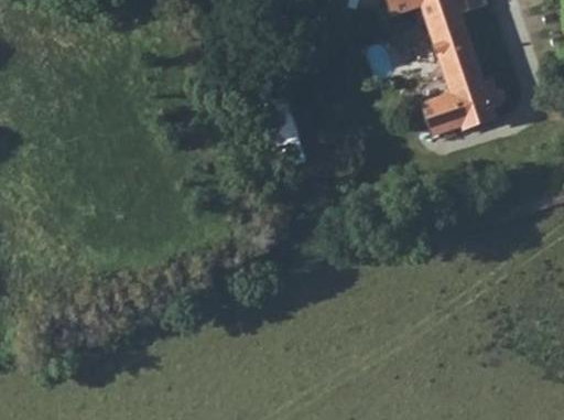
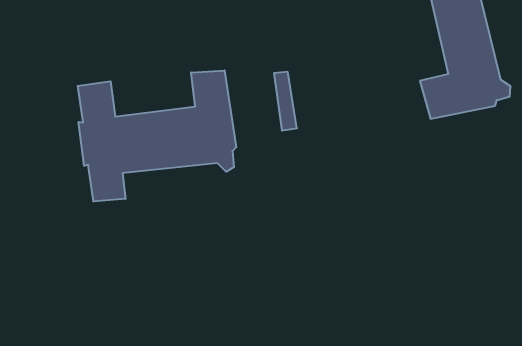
building: none -> [78,70,236,202]

